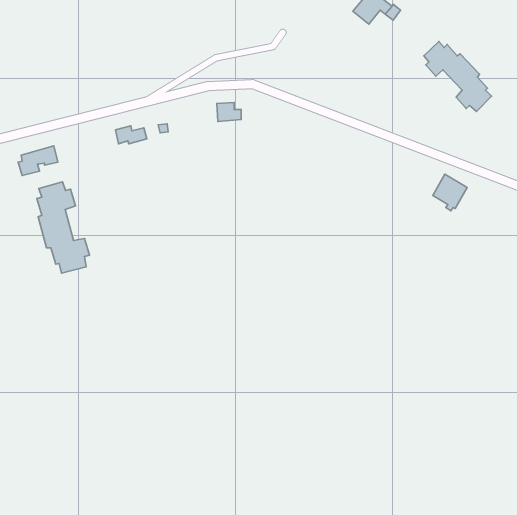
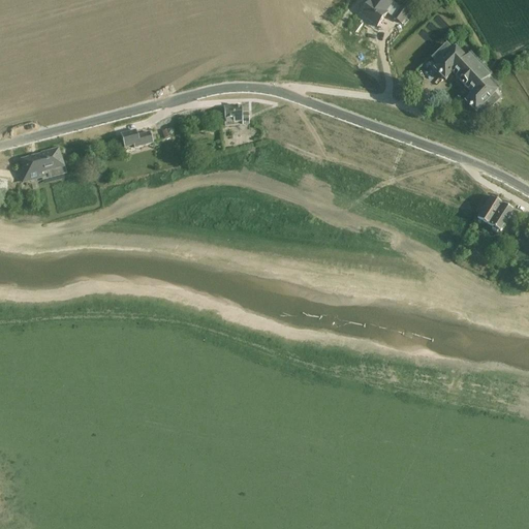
building: [433,174,467,211] -> [477,194,512,231]
building: [37,182,89,273] -> none

